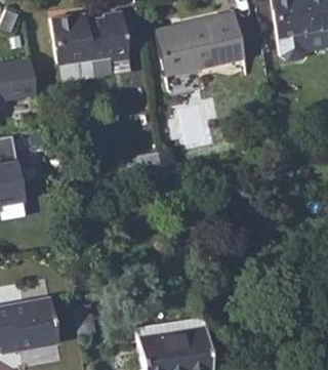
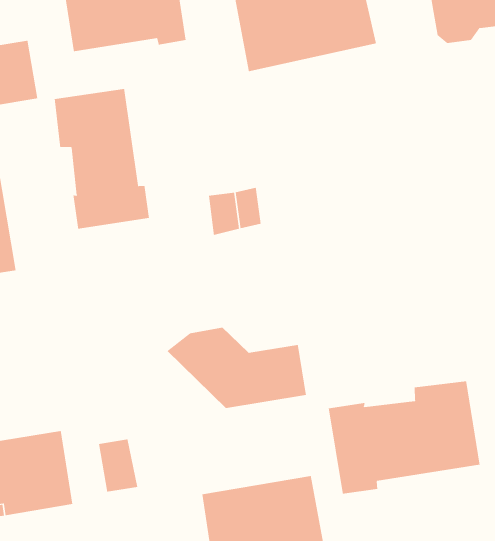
building: none -> [54,88,149,229]
building: none -> [167,327,306,409]
building: none -> [328,380,480,495]

